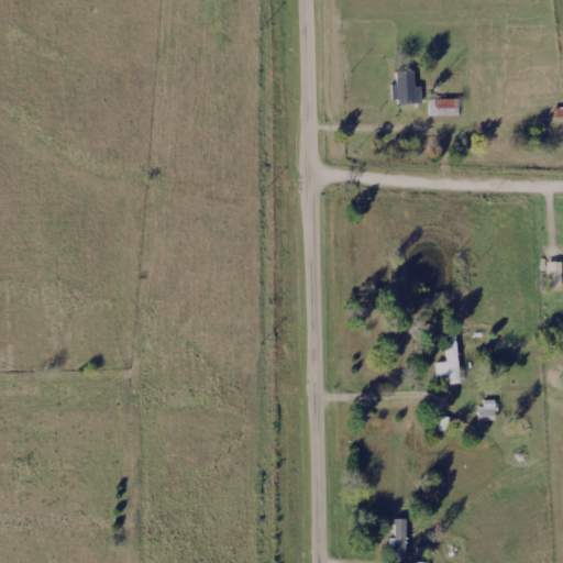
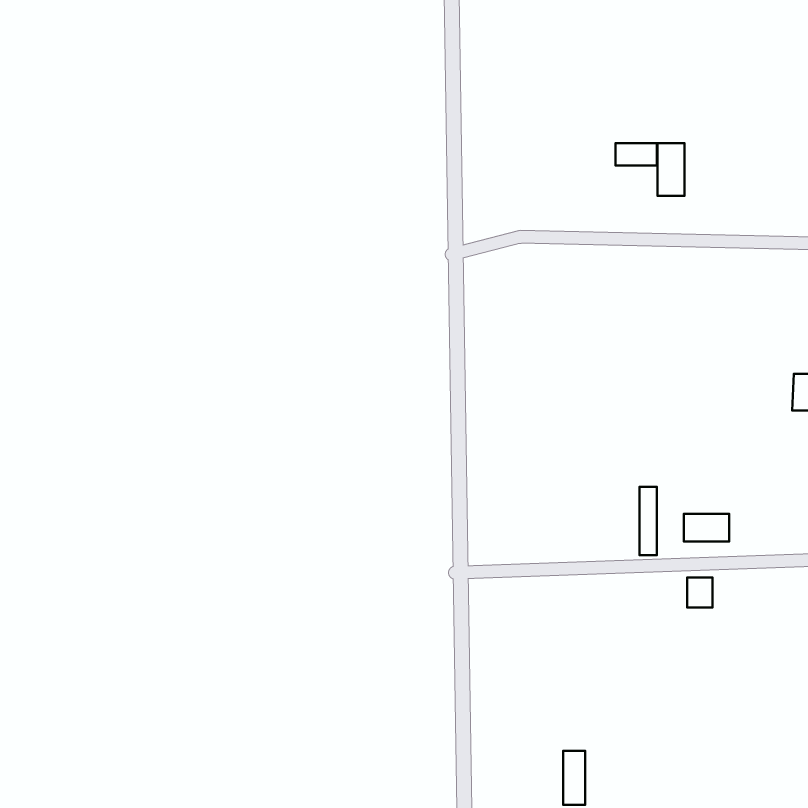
building: [395,68,413,104] -> [657,143,684,196]
building: none -> [684,514,729,542]

